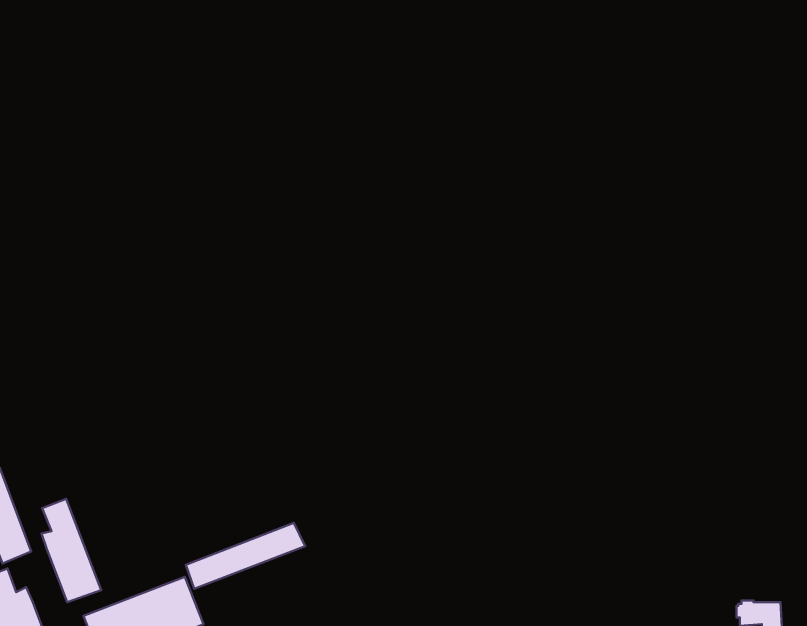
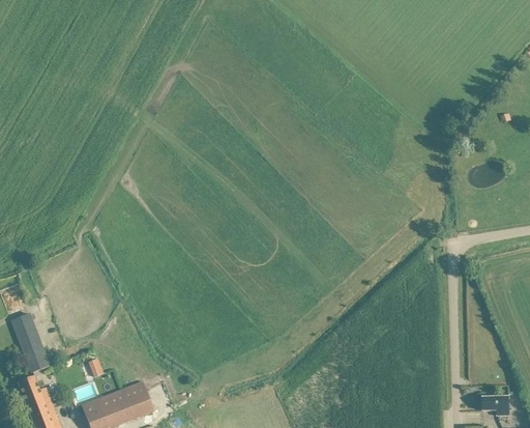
building: [42,499,101,602] -> none
building: [186,523,305,589] -> none

